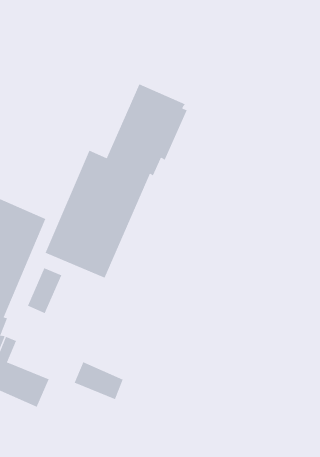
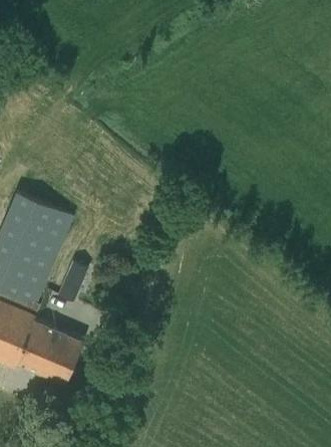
building: [45,83,187,279] -> none
building: [74,361,123,400] -> [39,326,83,361]

